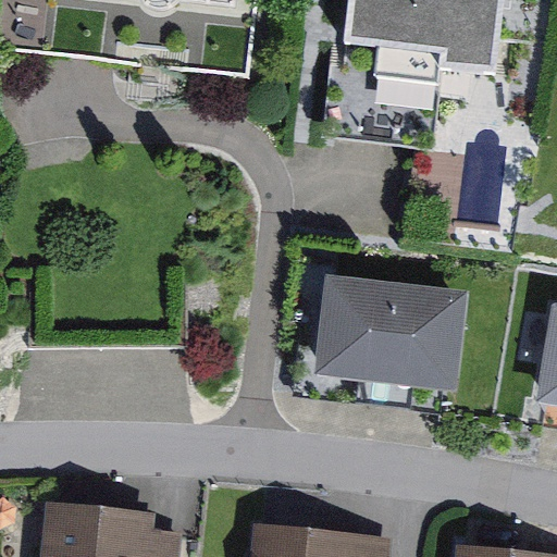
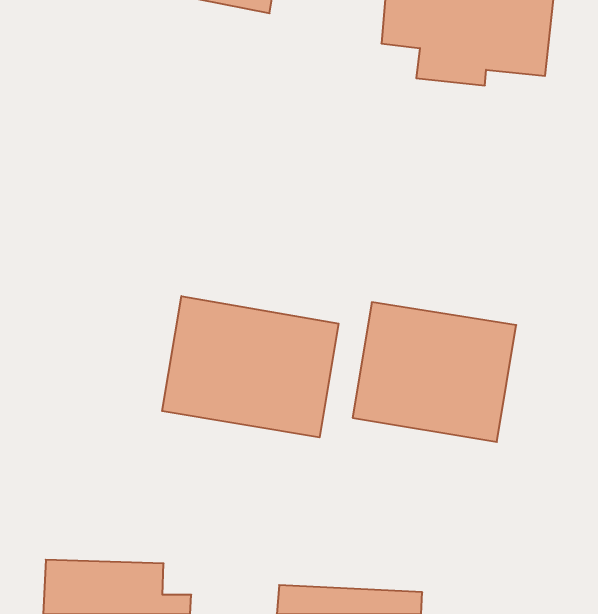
building: none -> [162,296,339,437]

